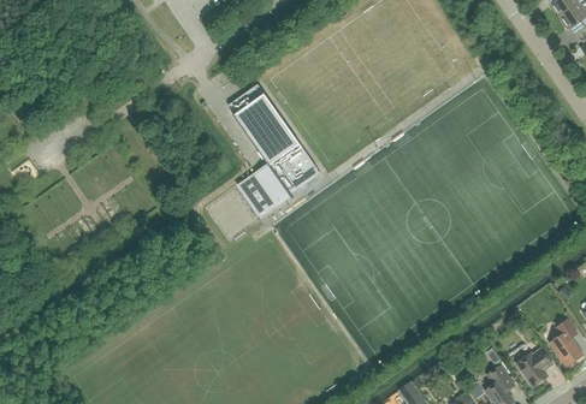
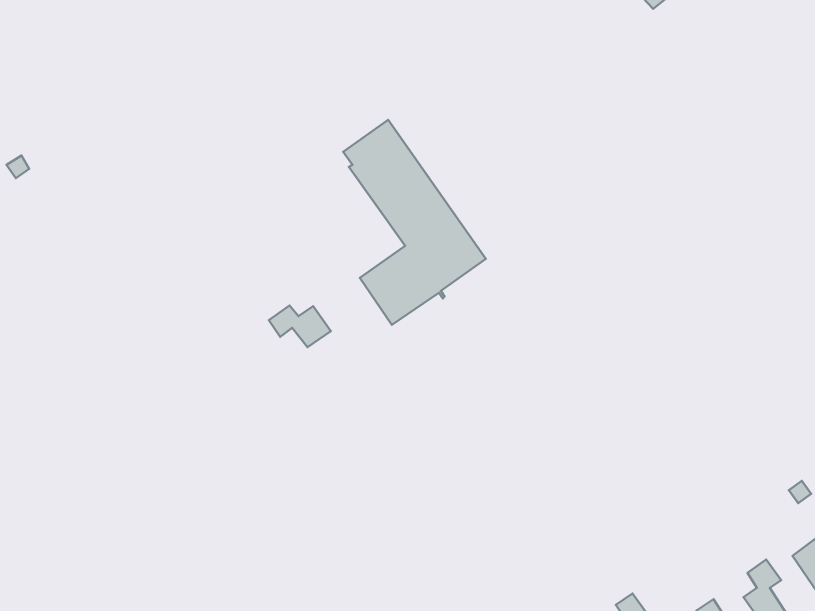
building: none -> [269,306,331,347]

